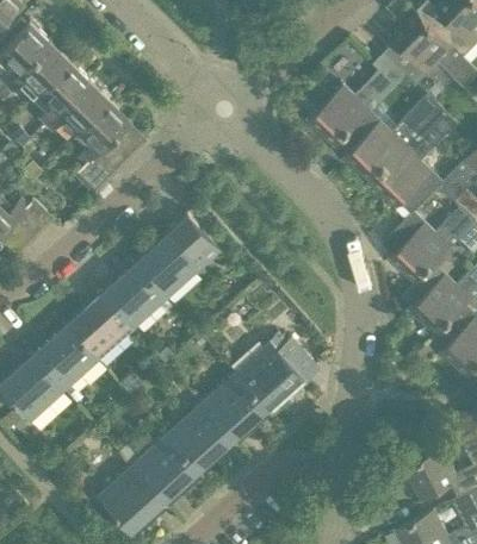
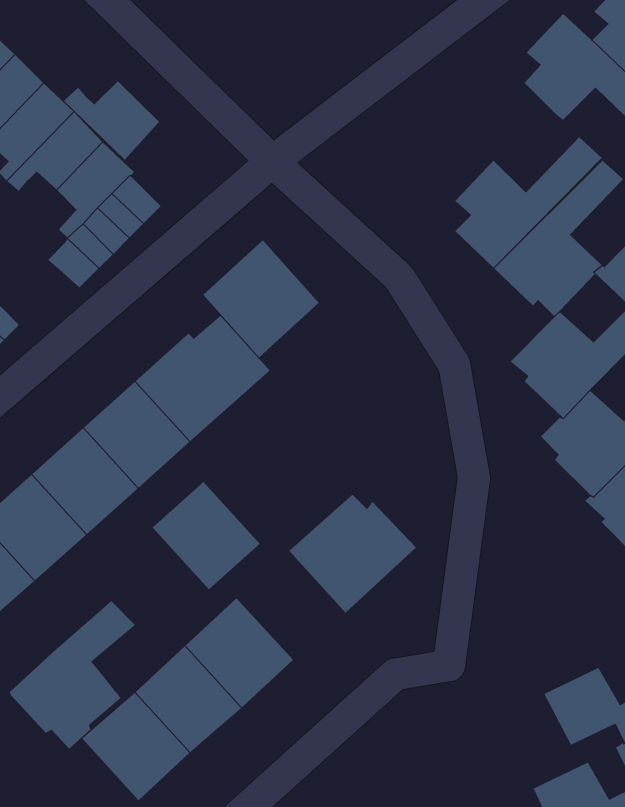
building: [308,54,405,148] -> none
building: none -> [63,80,160,160]
building: none -> [202,240,320,358]
building: [198,371,271,444] -> [152,481,261,590]
building: none -> [9,600,136,750]

